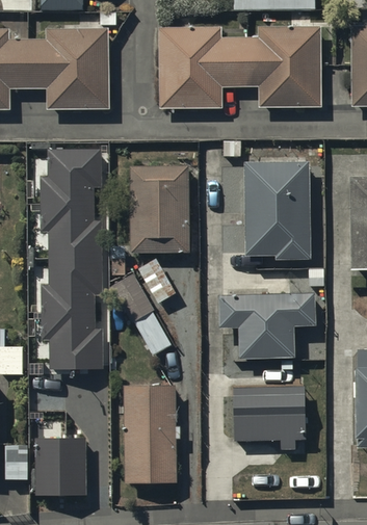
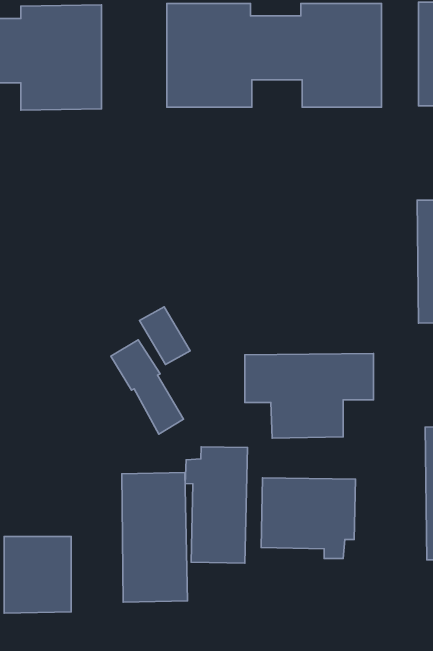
building: [42,145,103,365] -> none
building: [245,163,310,261] -> none
building: [129,165,188,253] -> none
building: none -> [185,447,247,563]

